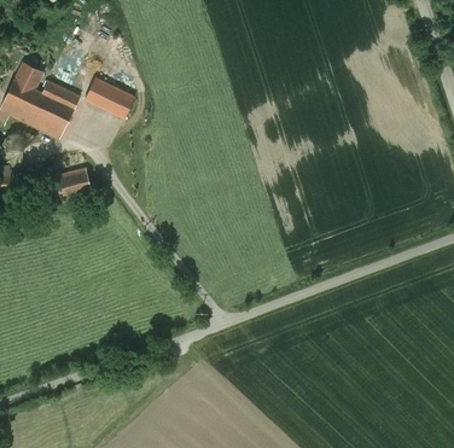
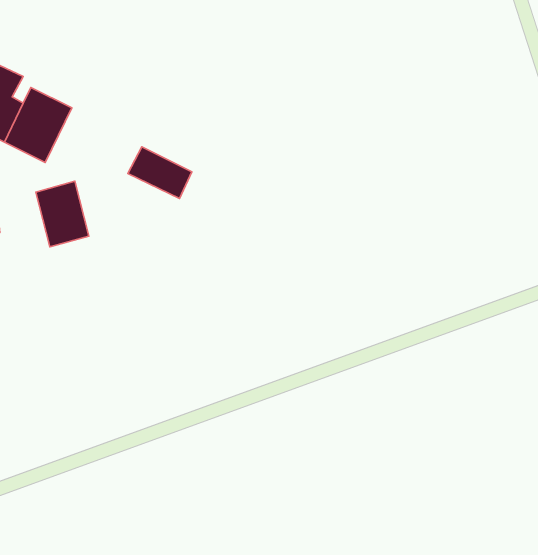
building: [85,78,134,118] -> [128,147,192,198]

